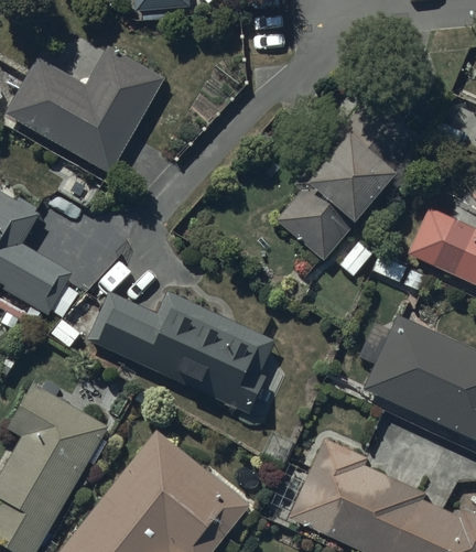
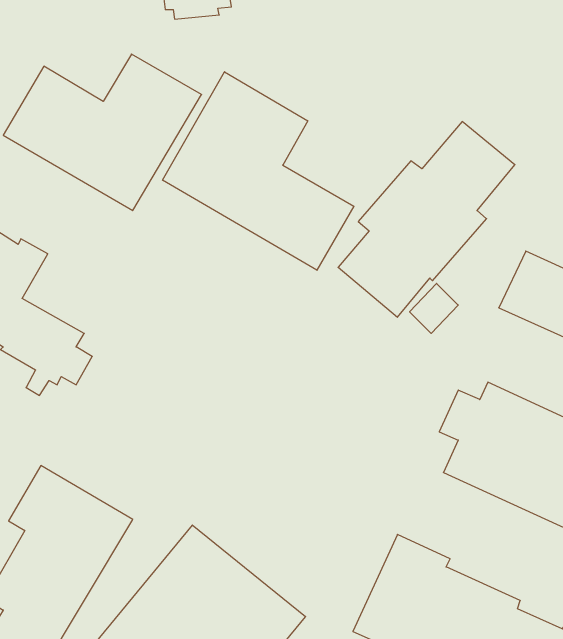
building: none -> [163,72,354,270]
building: [86,291,275,412] -> none

